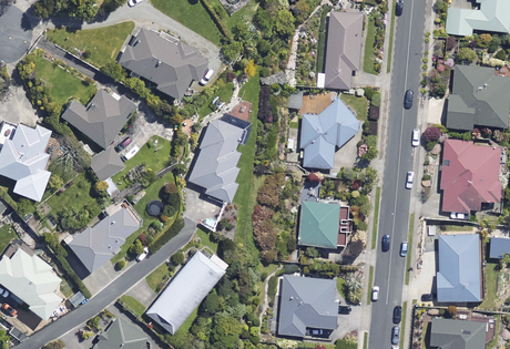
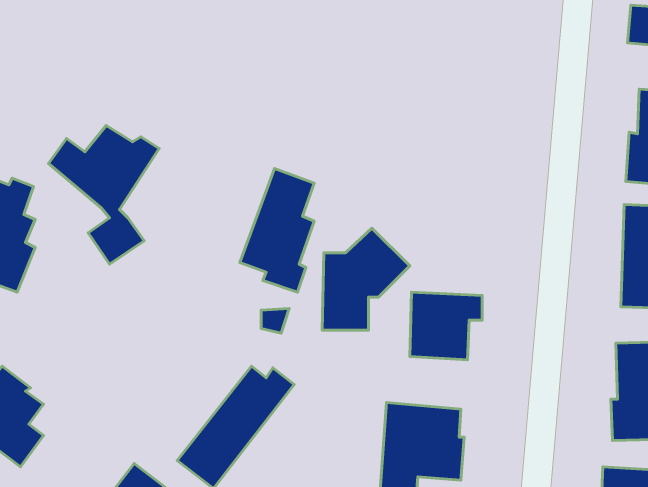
building: [320,12,365,90] -> none
building: [118,28,203,99] -> none
building: [305,99,364,167] -> [322,228,410,330]
building: [64,202,136,270] -> none

